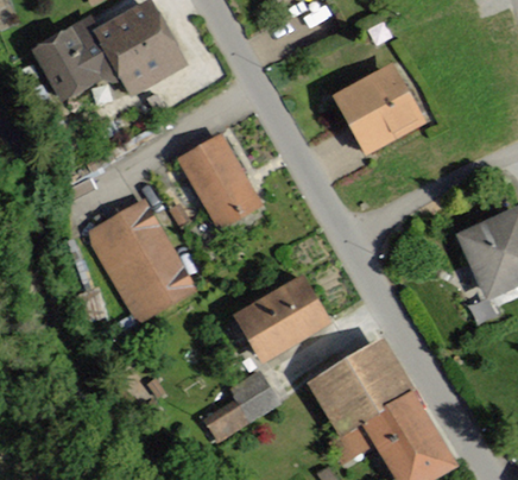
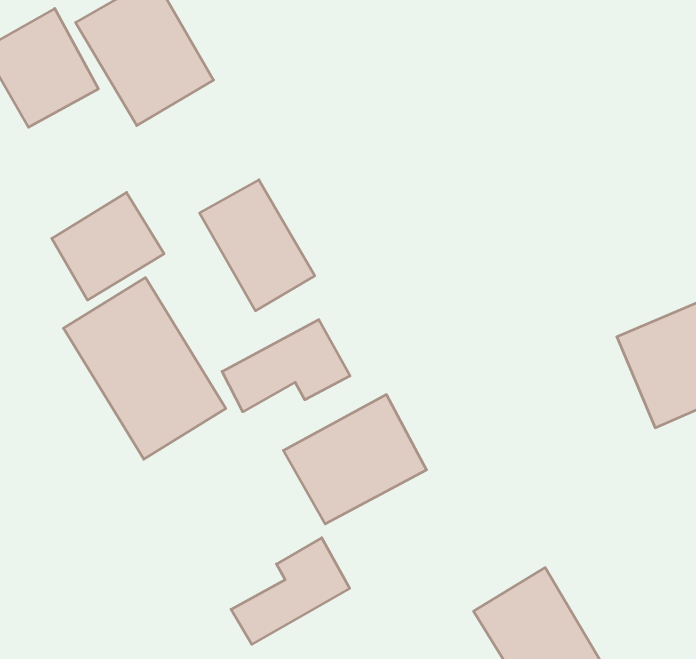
building: [335,70,417,153] -> none
building: none -> [52,192,164,300]
building: none -> [222,320,350,412]
building: [310,342,412,436] -> none

